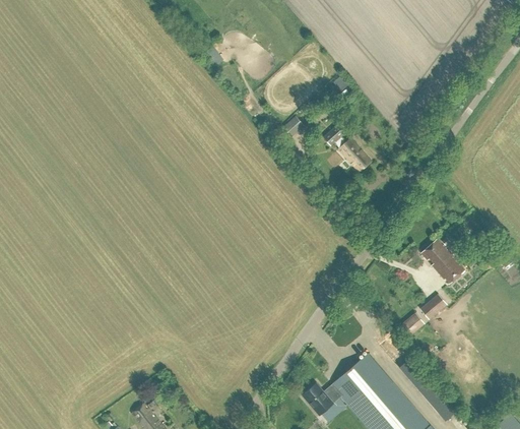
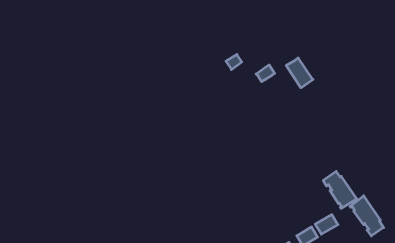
building: [337,137,372,173] -> [286,58,313,88]
building: none -> [350,196,384,236]

